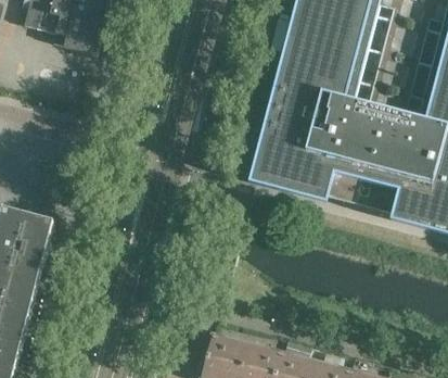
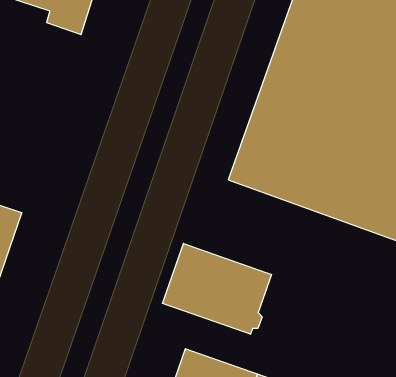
building: none -> [162,243,271,334]

